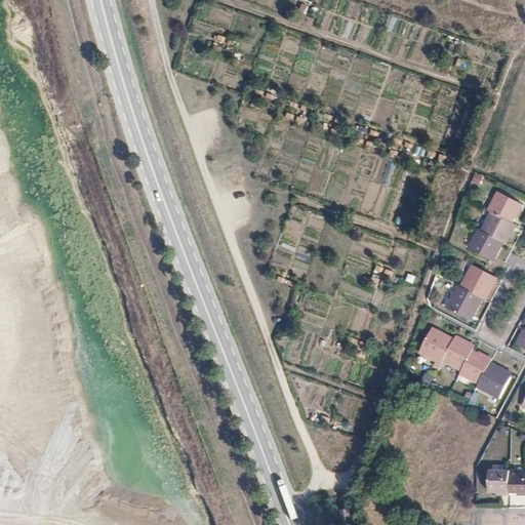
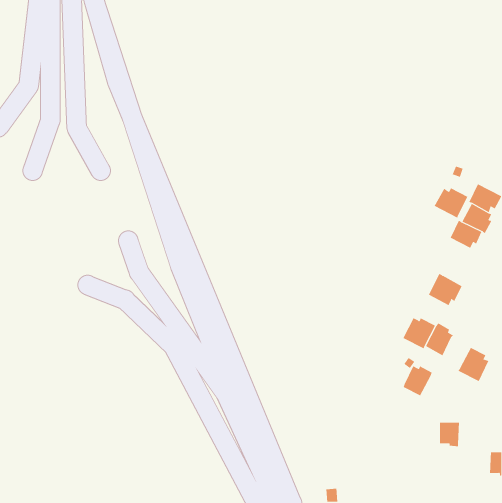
building: none -> [434,187,468,219]
building: [460,265,493,298] -> none
building: [459,351,490,382] -> [403,366,432,396]
building: [488,470,510,495] -> [439,422,460,447]

